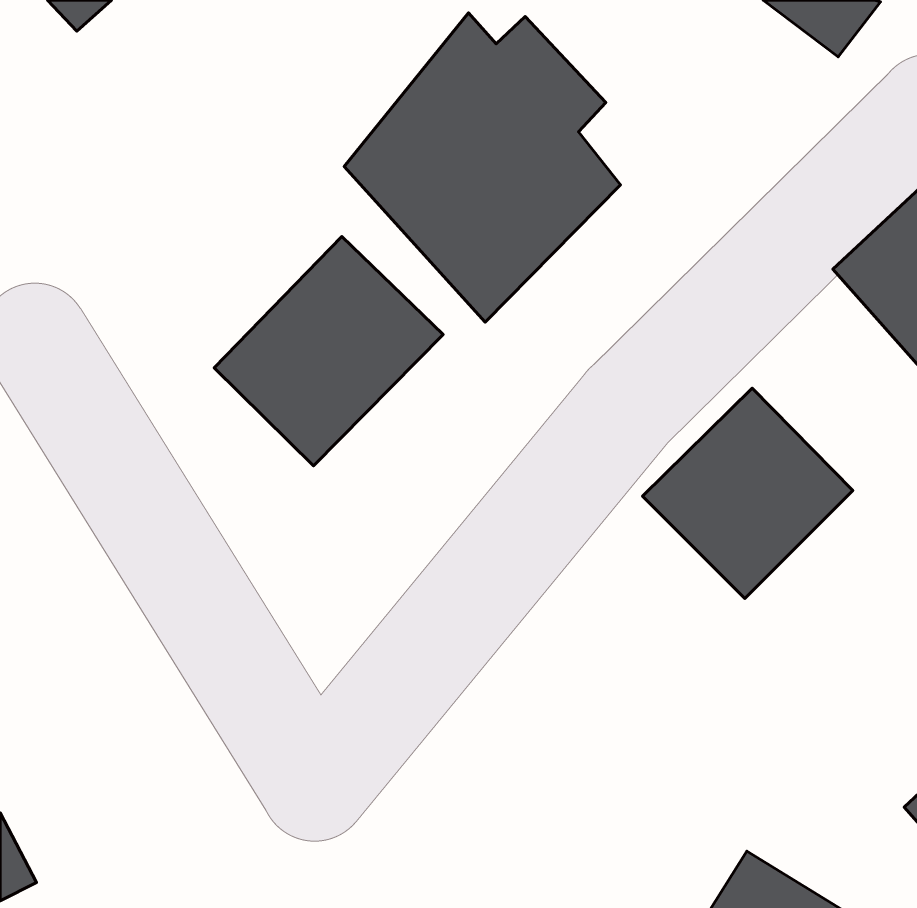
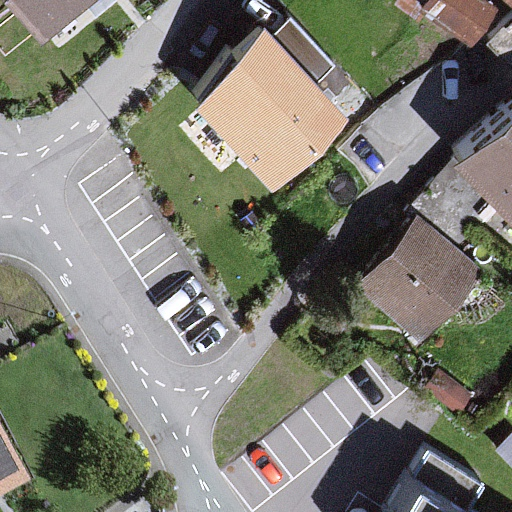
building: [214,237,443,466] -> none

